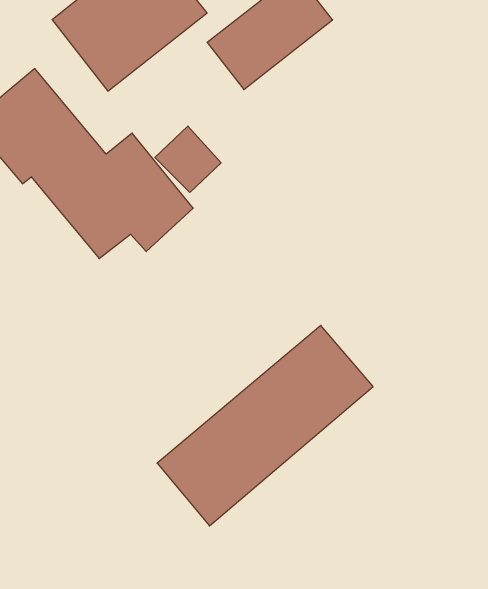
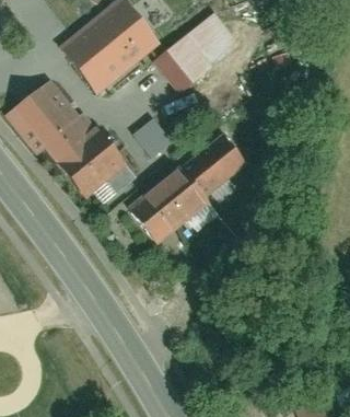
building: [157,325,373,526] -> [124,123,259,248]

